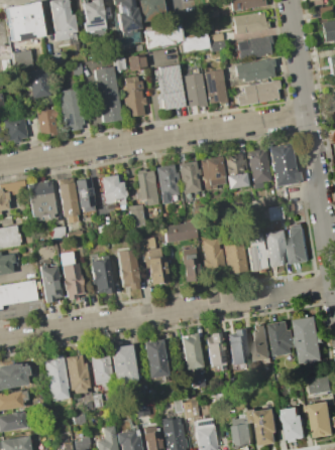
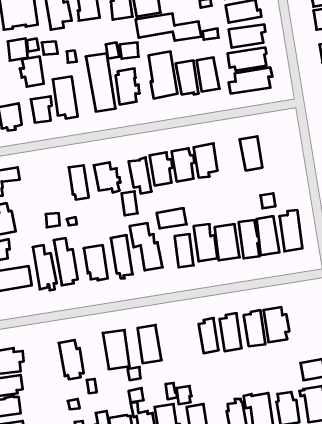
building: [269,143,302,187] -> none
building: [224,152,248,189] -> none
building: [59,177,80,222] -> none
building: [28,181,58,220] -> none
building: [298,316,327,361] -> none
building: [182,332,207,387] -> none
building: [90,349,115,390] -> none
building: [44,354,69,401] -> none

